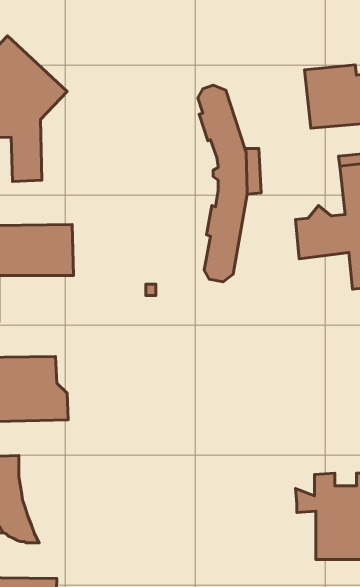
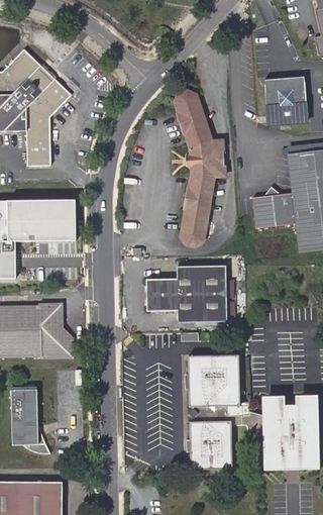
building: none -> [146,265,226,322]
building: none -> [188,354,253,469]

